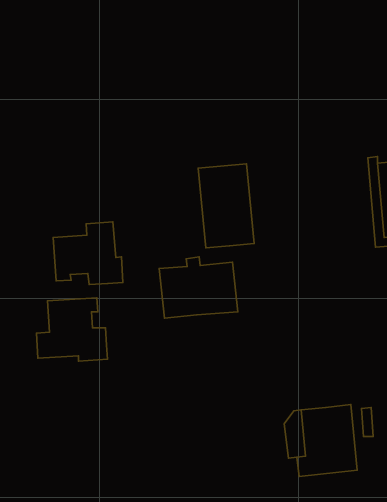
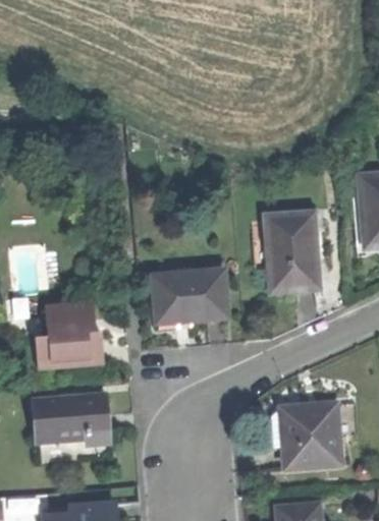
building: [198,164,254,248] -> [265,213,318,292]
building: [53,222,123,285] -> none
building: none -> [32,393,110,442]

